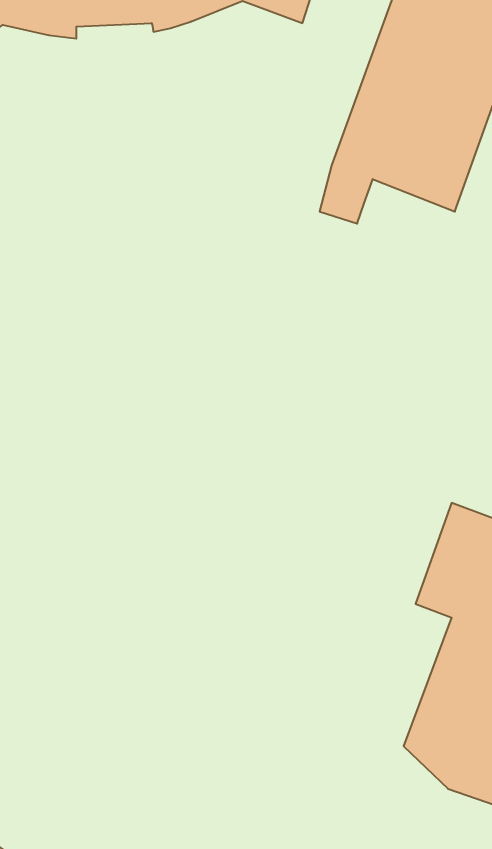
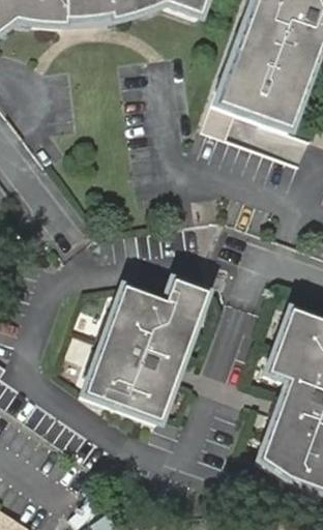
building: none -> [82,277,206,419]

